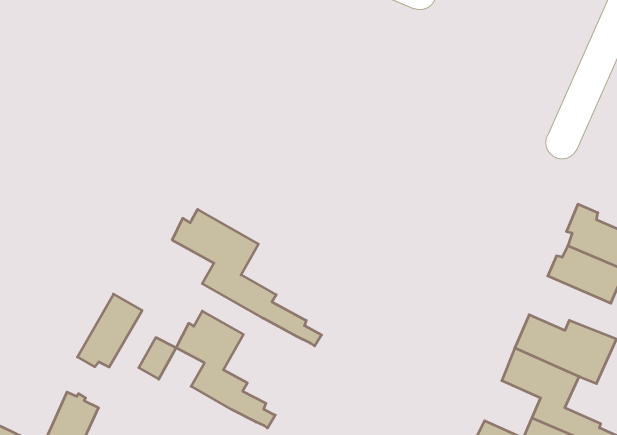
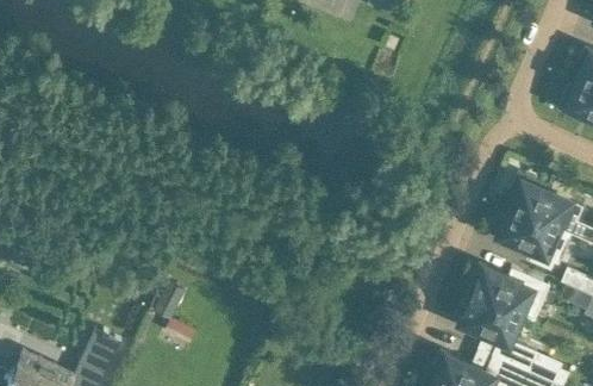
building: [172,209,322,346] -> none
building: [77,294,142,367] -> none
building: [176,311,275,428] -> none

